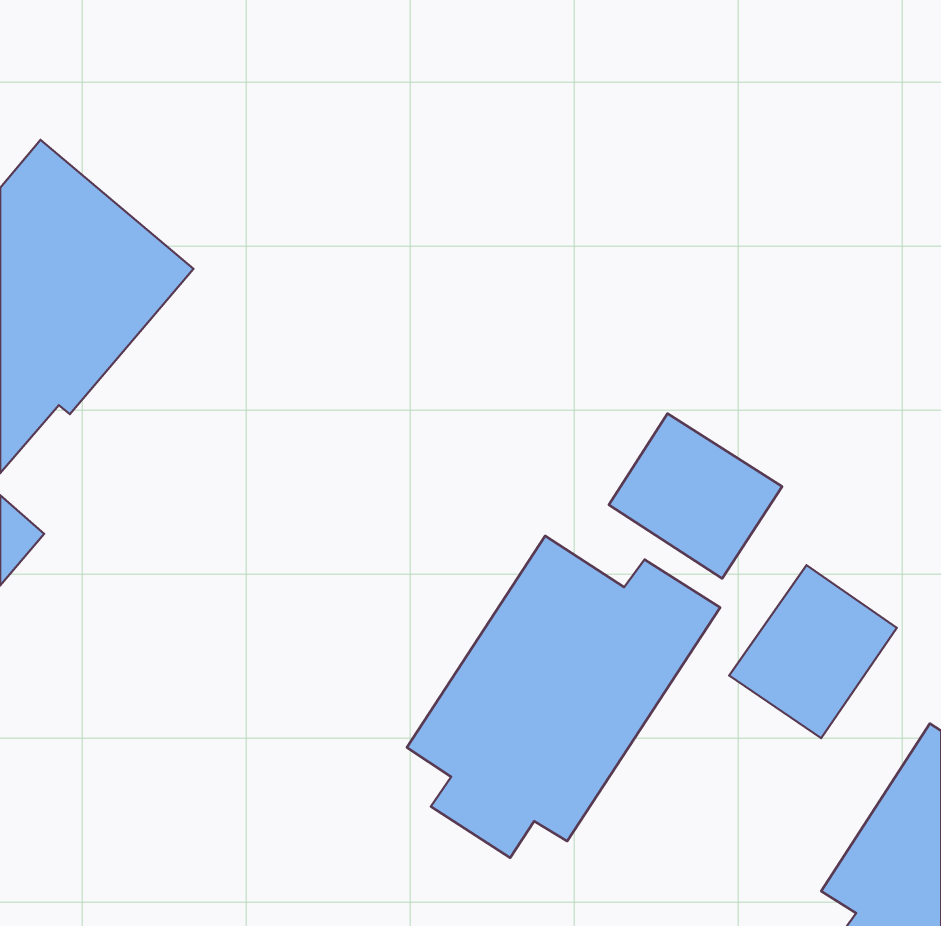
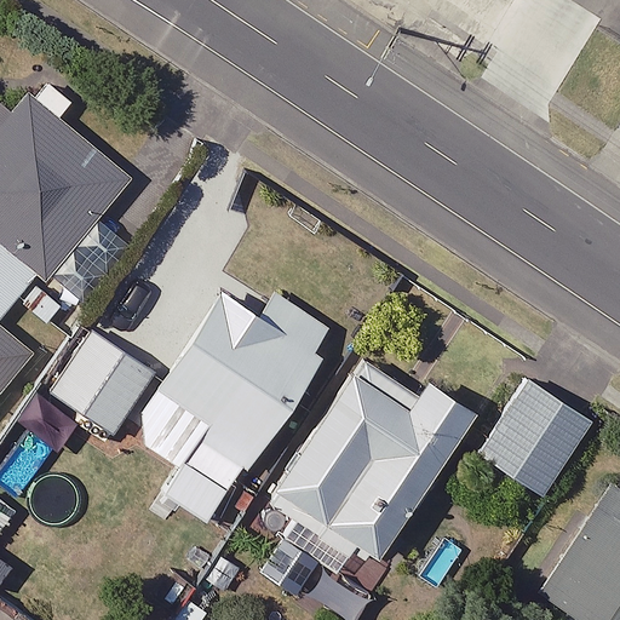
building: [609,413,782,579] -> none
building: none -> [53,282,334,524]

